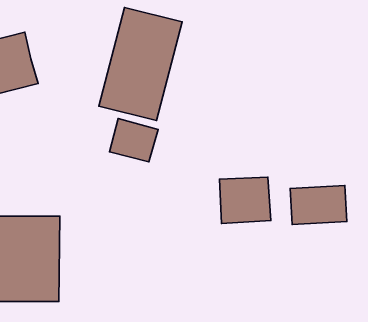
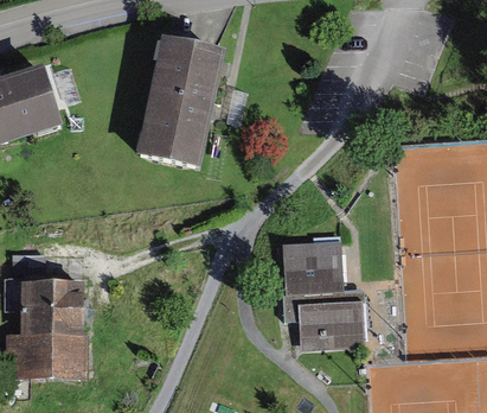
building: [110,119,158,162] -> none
building: [290,185,347,224] -> [287,296,352,341]

